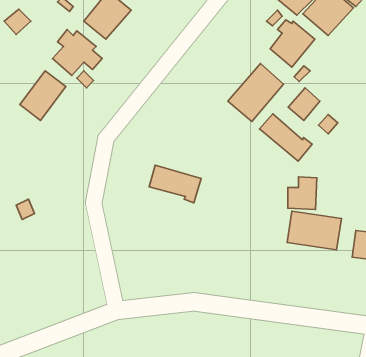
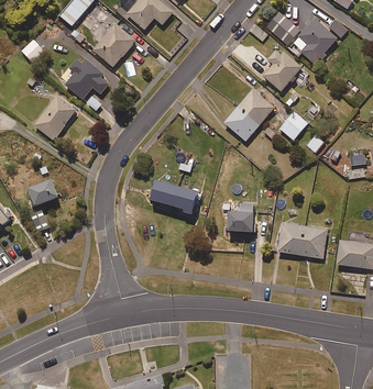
building: [260,114,312,161] -> none
building: none -> [29,180,59,208]
building: [288,177,317,209] -> [229,203,255,233]

